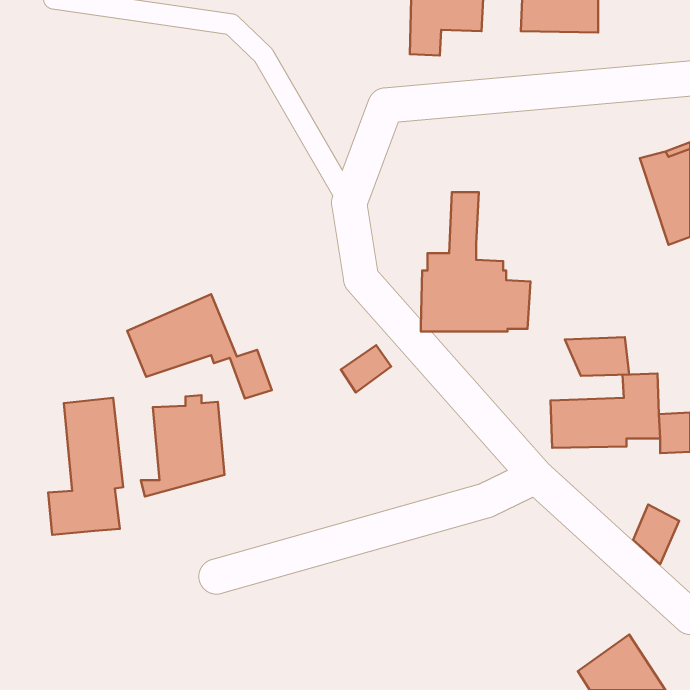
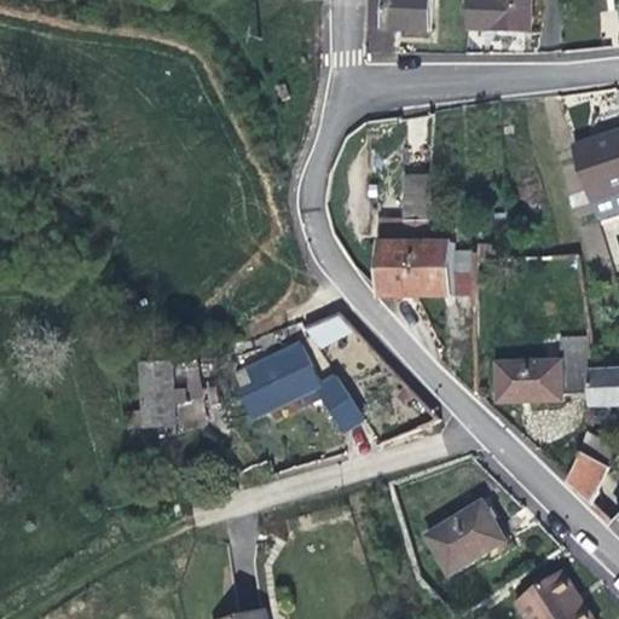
building: [127,294,272,398] -> [230,343,359,436]
building: [565,337,629,376] -> none
building: [48,398,123,535] -> none
building: none -> [427,501,508,577]

